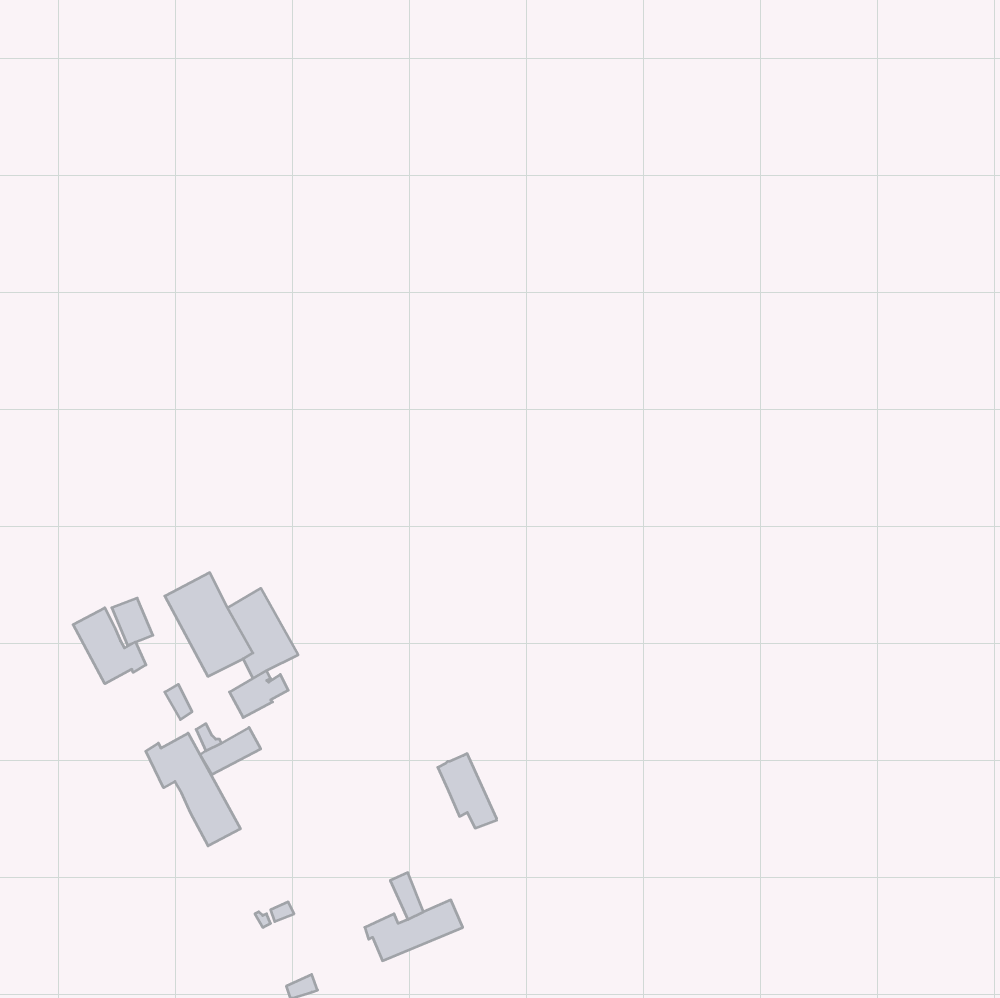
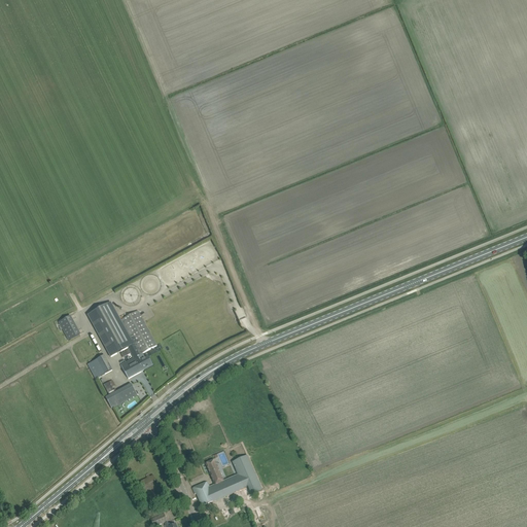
building: [73,608,146,684] -> none
building: [146,733,240,846] -> none
building: [438,754,497,828] -> [232,454,262,493]

